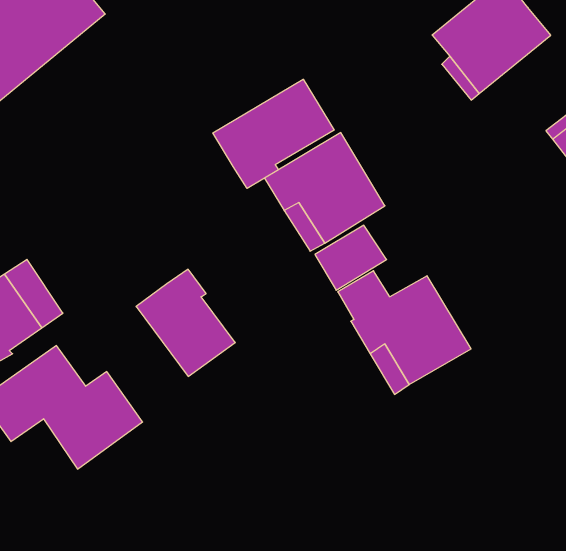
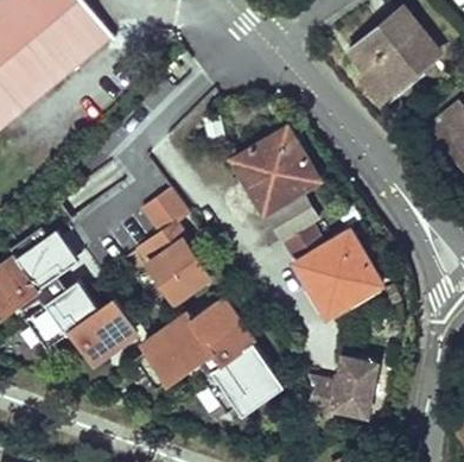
building: [213,79,334,188] -> none
building: none -> [141,188,187,234]
building: none -> [183,295,277,411]
building: none -> [133,329,198,390]
building: none -> [301,355,379,414]

